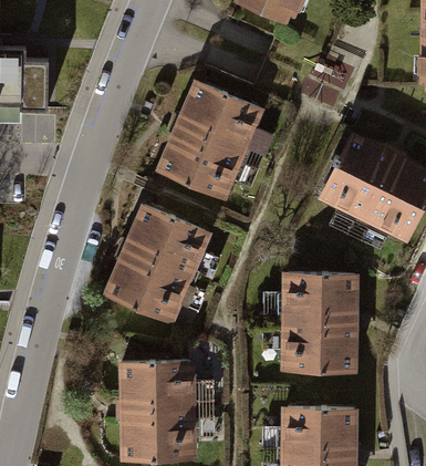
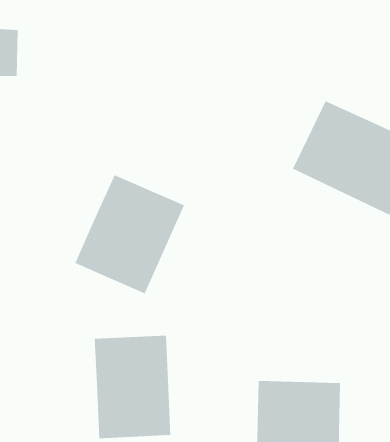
building: [156,80,263,197] -> none
building: [283,276,361,376] -> none

